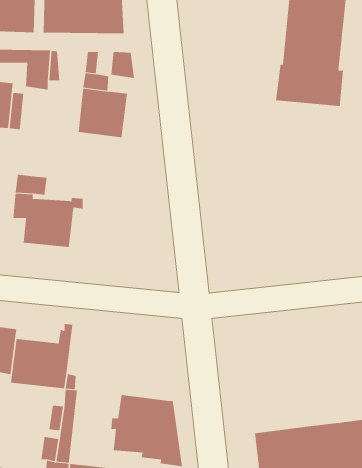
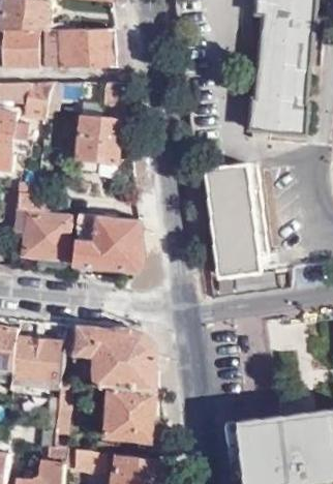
building: none -> [207,164,261,276]
building: none -> [73,214,143,270]
building: none -> [78,327,153,393]

